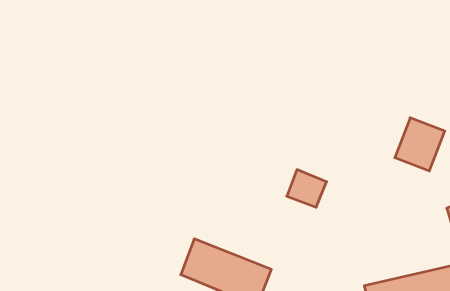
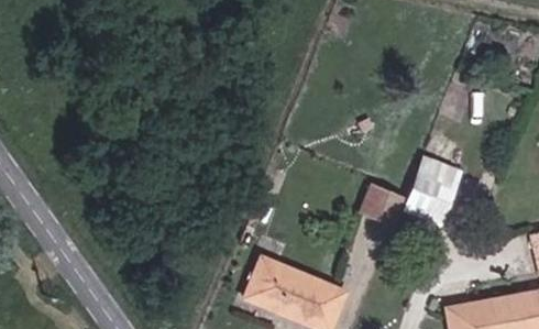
building: [395,118,445,171] -> [402,165,455,222]

